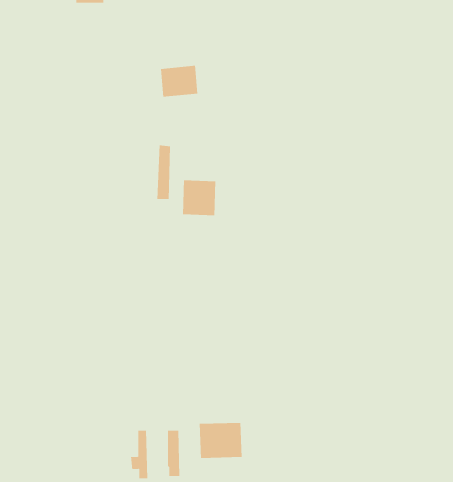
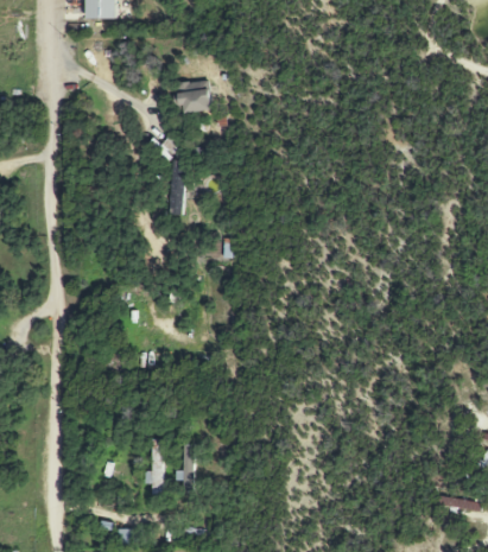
building: [182,179,216,216] -> none
building: [199,422,242,459] -> none

